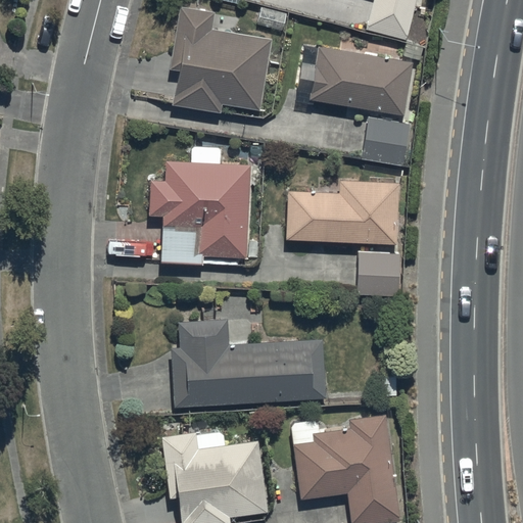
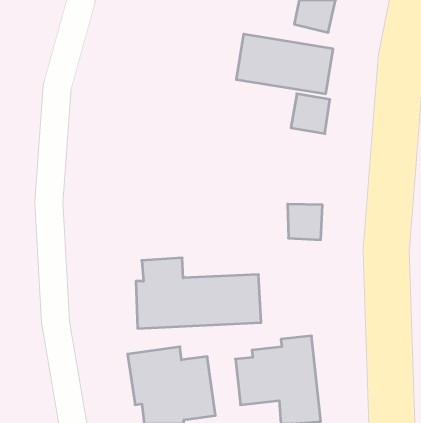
building: [170,6,271,112] -> none
building: [149,147,250,264] -> none
building: [286,181,398,243] -> none

